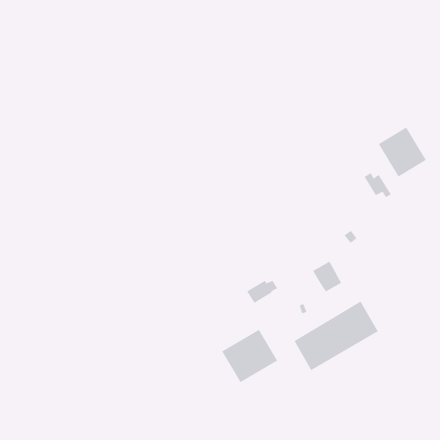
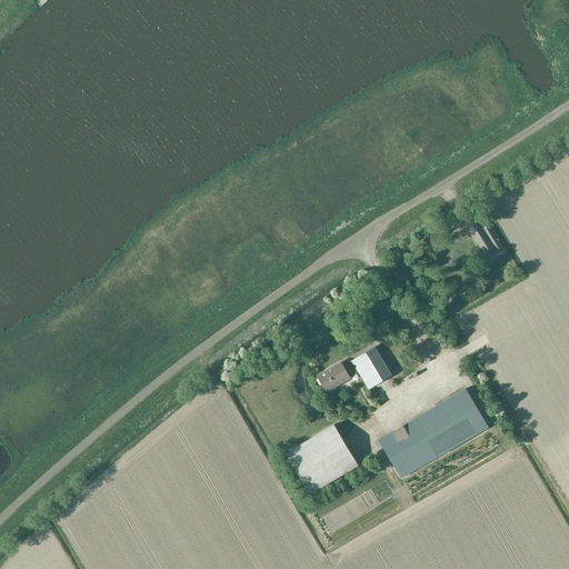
building: [378,126,427,178] -> none
building: [312,261,342,292] -> [351,347,390,388]

